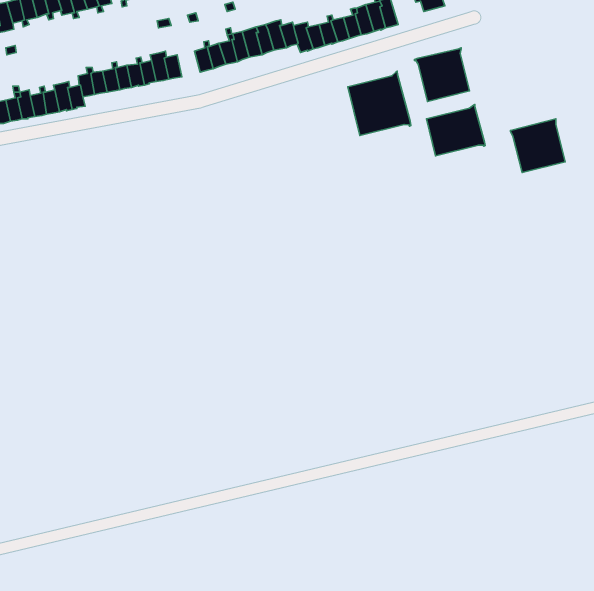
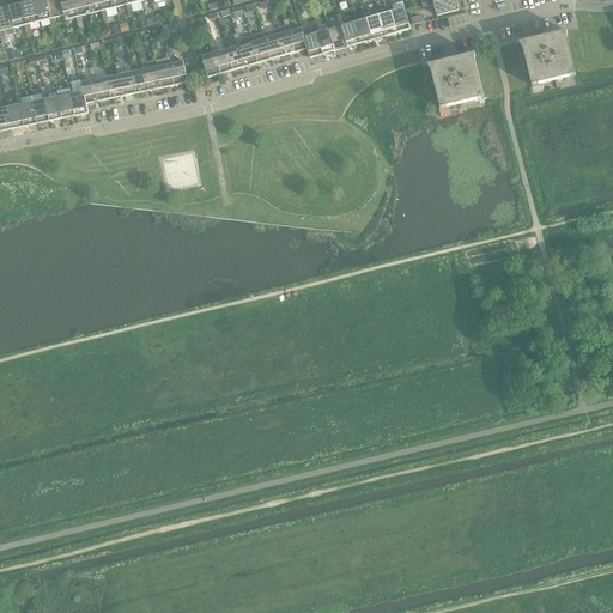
building: [348,71,411,136] -> none
building: [426,104,485,156] -> none
building: [510,119,565,172] -> [518,26,575,81]

